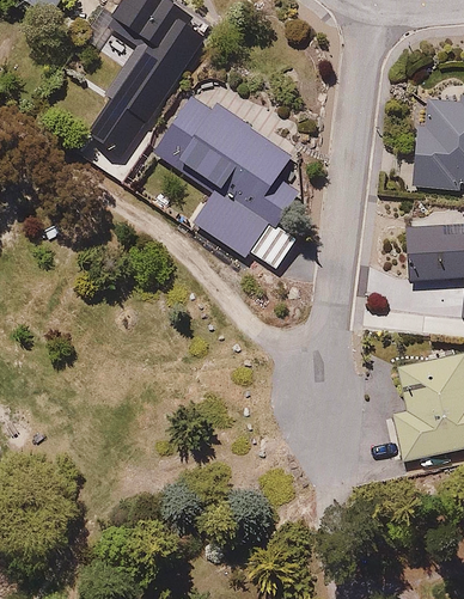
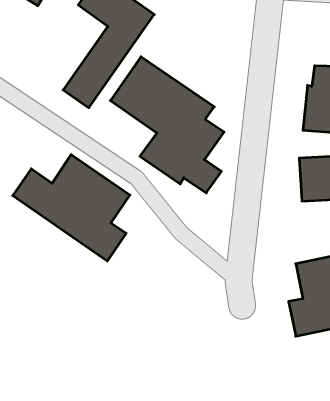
building: none -> [13,155,130,261]

